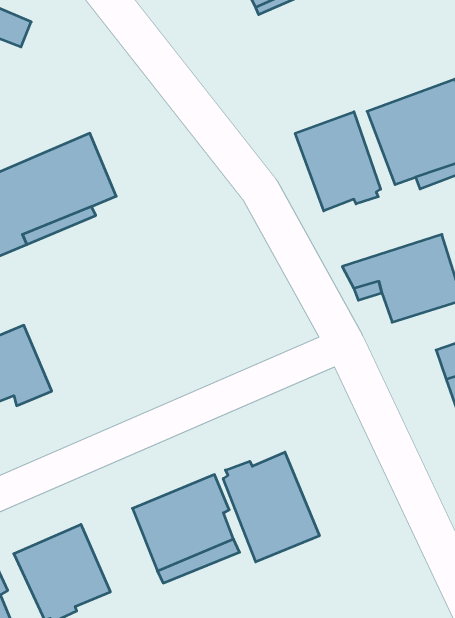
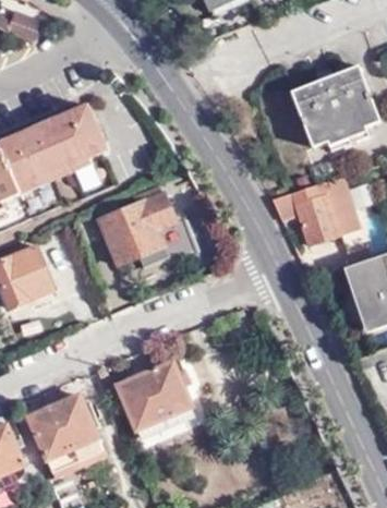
building: [295,112,381,211] -> none
building: none -> [100,186,178,267]
building: [223,452,319,562] -> none

